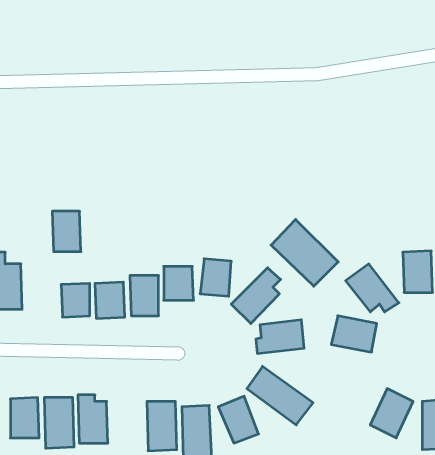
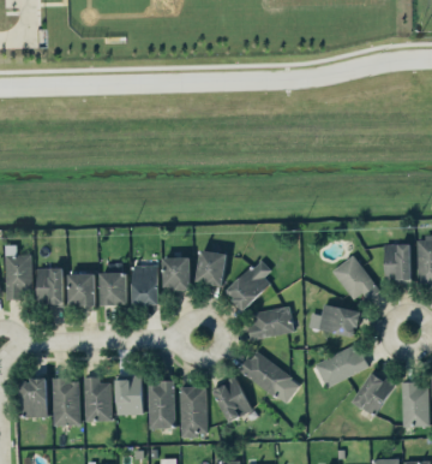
building: [52,211,81,252] -> [37,268,64,305]
building: [271,219,338,286] -> none
building: none -> [314,344,368,386]
building: none -> [116,376,143,415]

